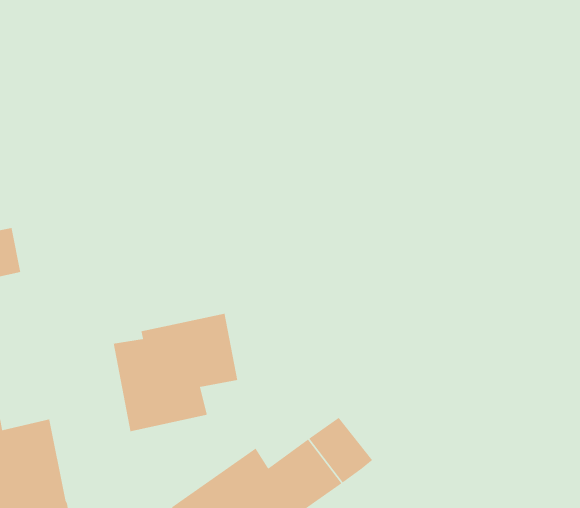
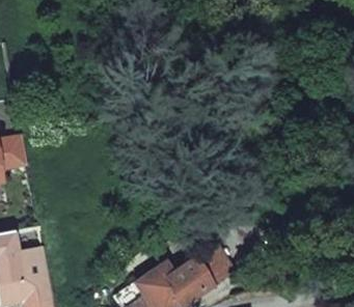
building: [113,313,238,432] -> none

